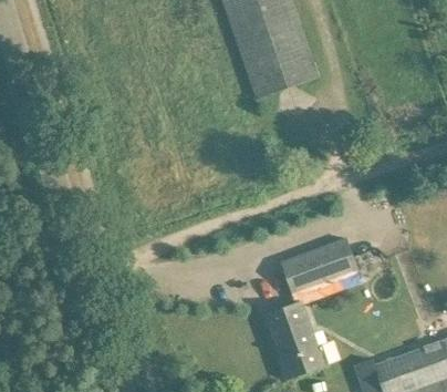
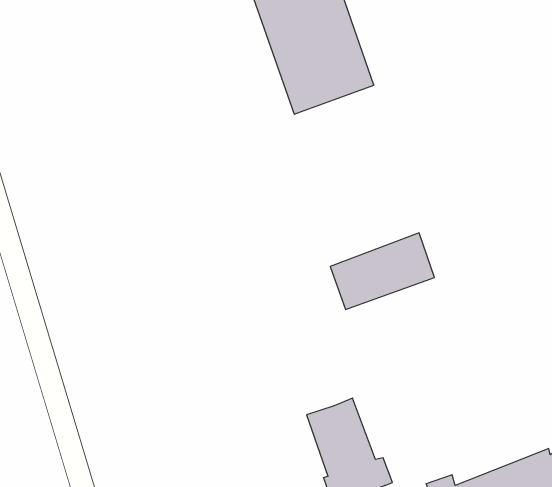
building: [282,238,357,293] -> [330,233,434,310]

